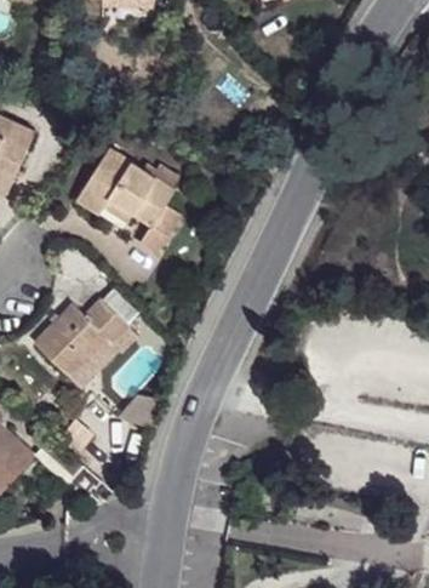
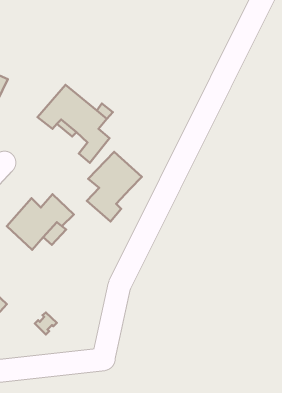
building: none -> [87,152,142,222]

